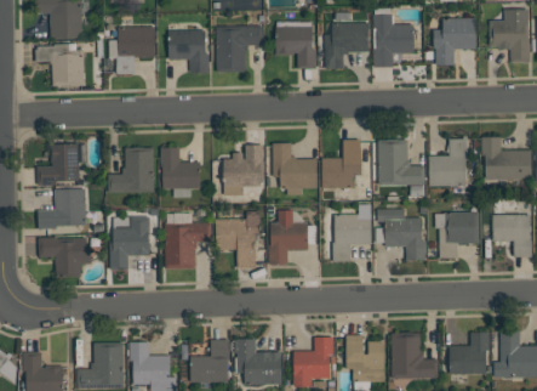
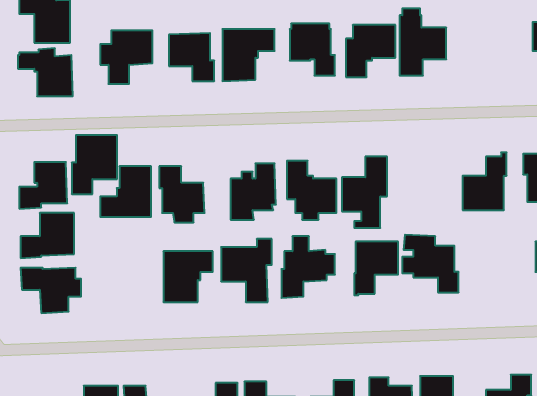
building: [433,18,475,66] -> none
building: [377,141,424,185] -> none
building: [434,212,479,259] -> none
building: [109,217,149,270] -> [72,135,117,194]

